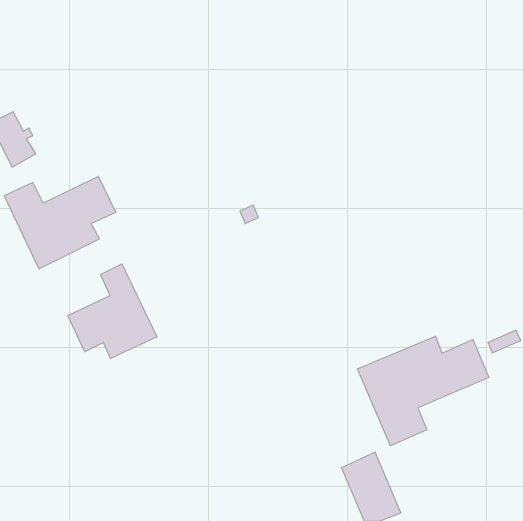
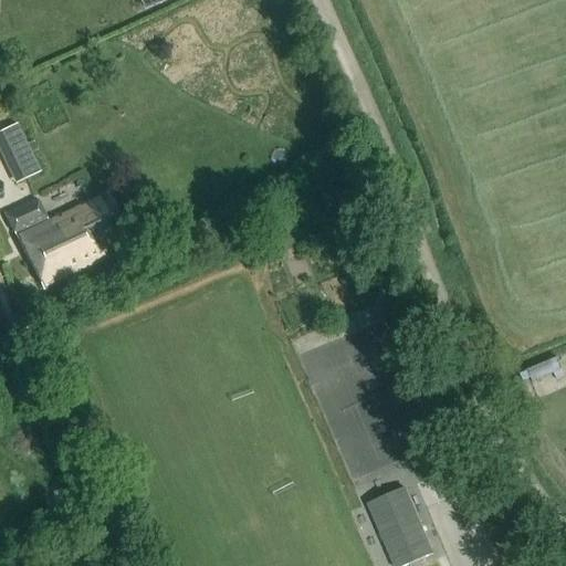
building: [68,264,157,358] -> none
building: [358,336,489,446] -> none

